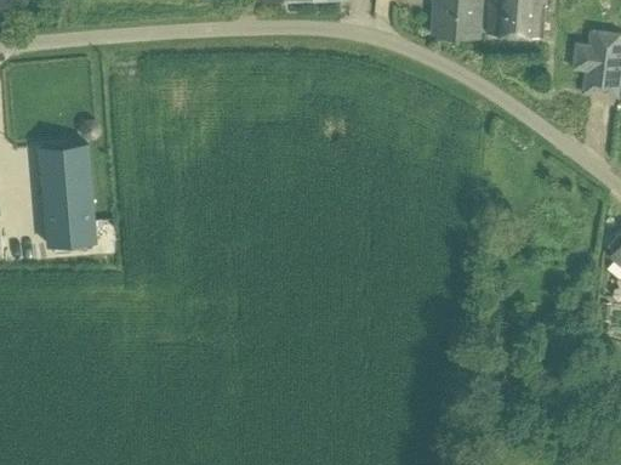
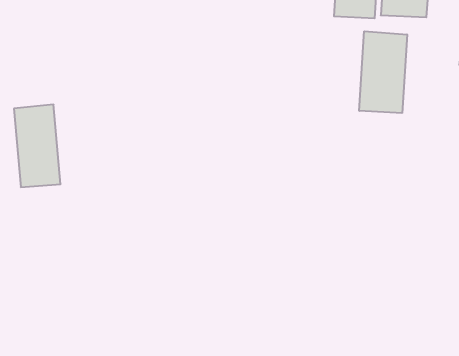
building: none -> [359,31,407,113]

